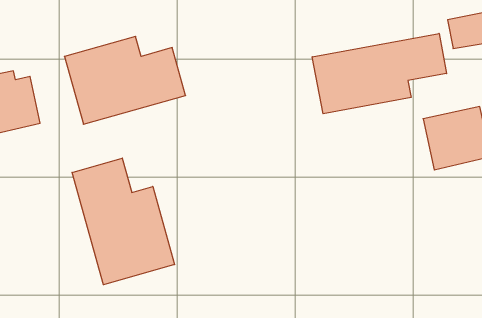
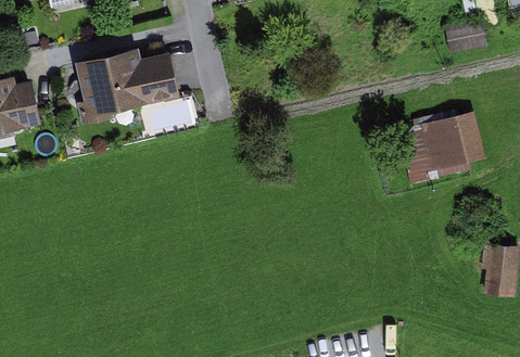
building: [312,33,447,114] -> none
building: [72,158,175,285] -> none

